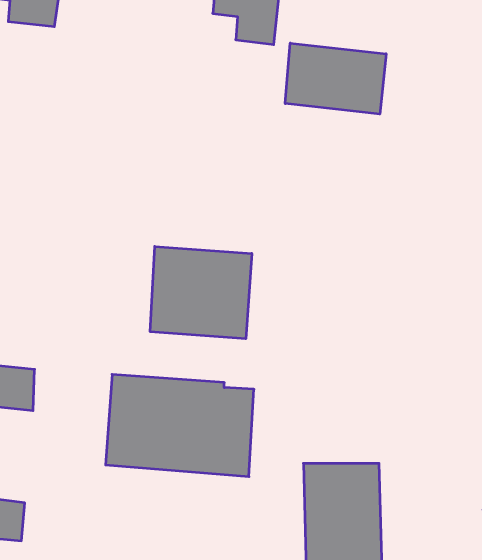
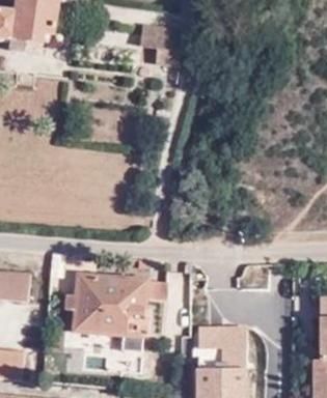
building: [285,43,386,114] -> none
building: [150,246,252,339] -> none

